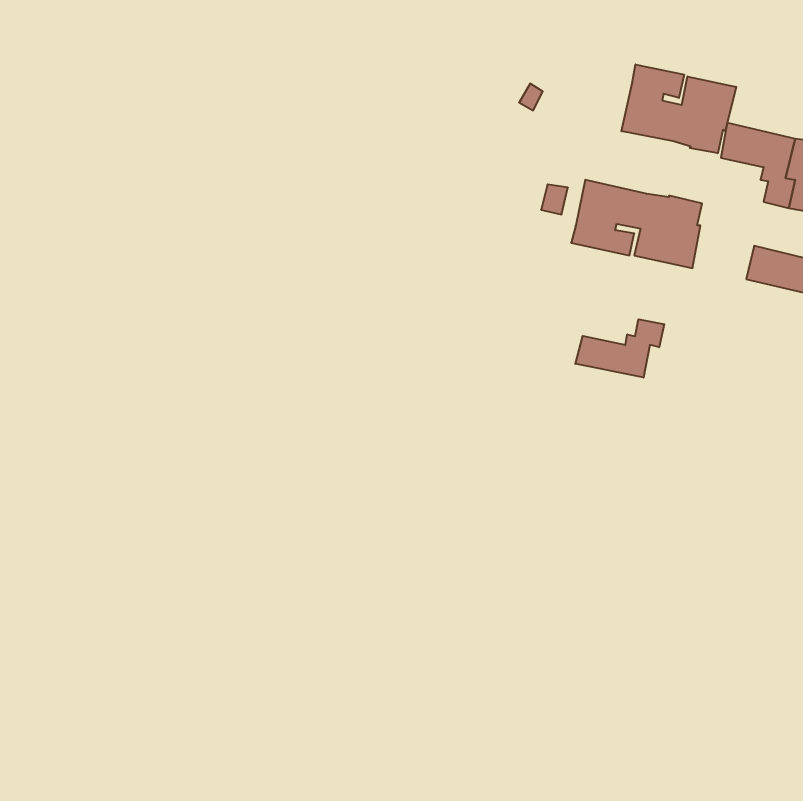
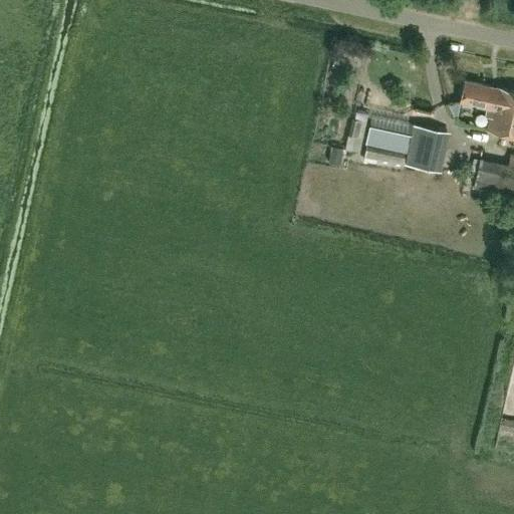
building: [621,64,736,153] -> none
building: [575,319,664,378] -> none

